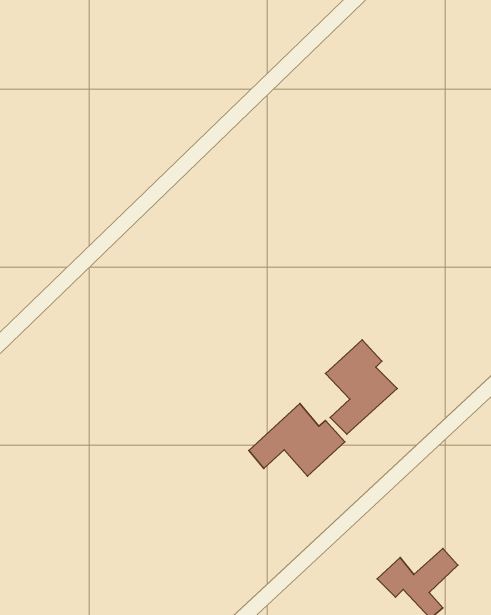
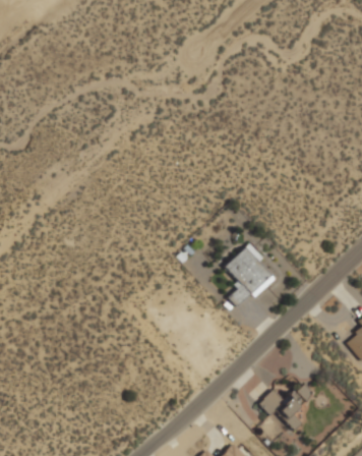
building: [249,403,345,476] -> none

